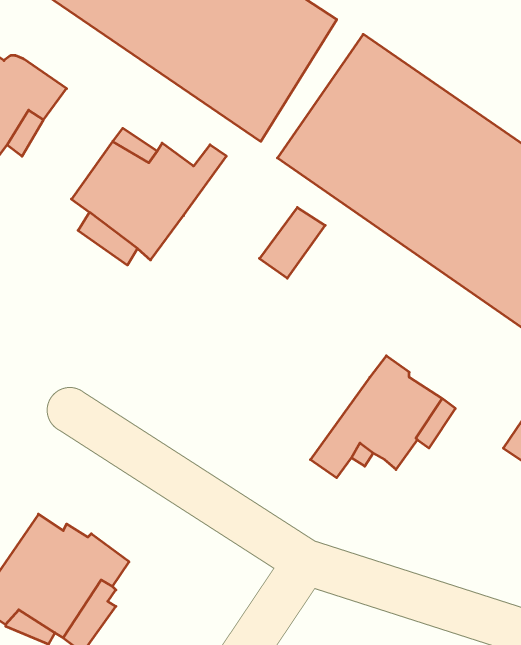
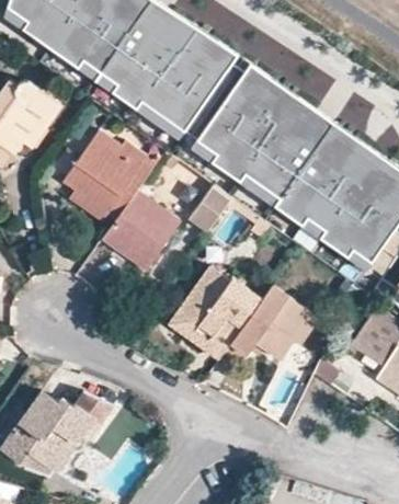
building: none -> [101,190,180,271]
building: none -> [168,266,261,358]

